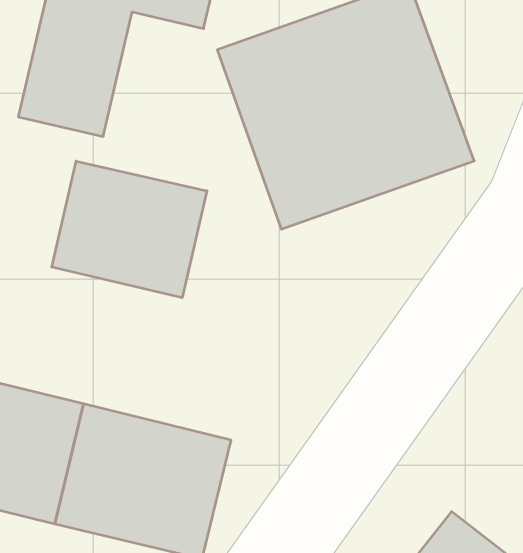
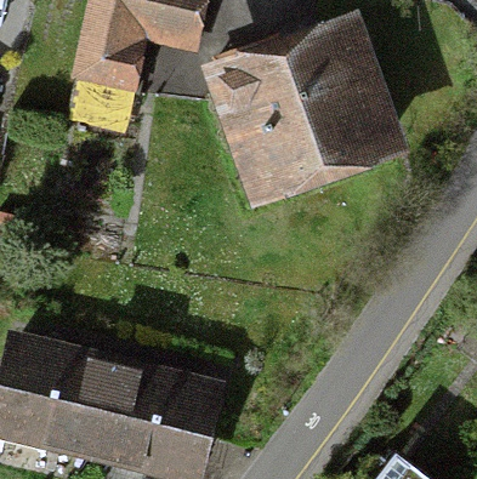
building: [52,161,207,298] -> none

